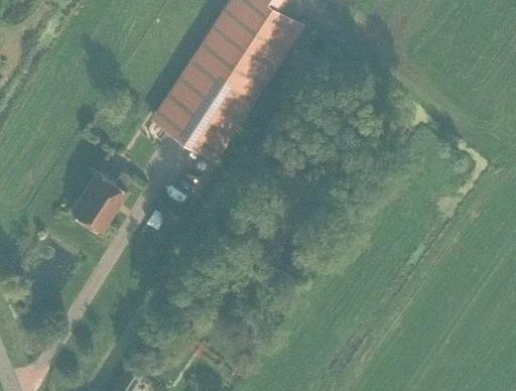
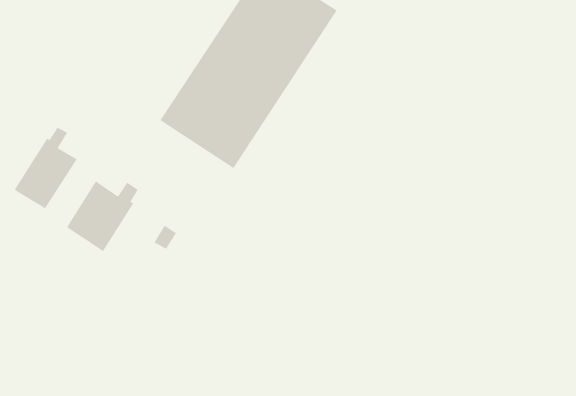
building: none -> [14,127,77,209]

